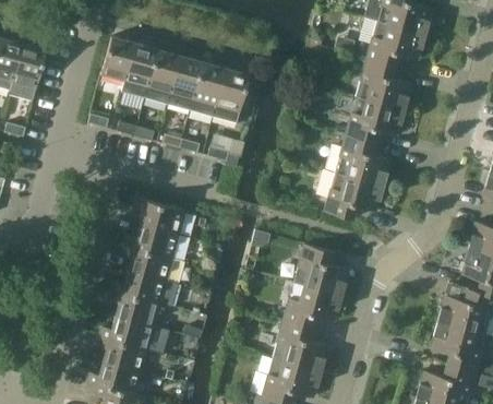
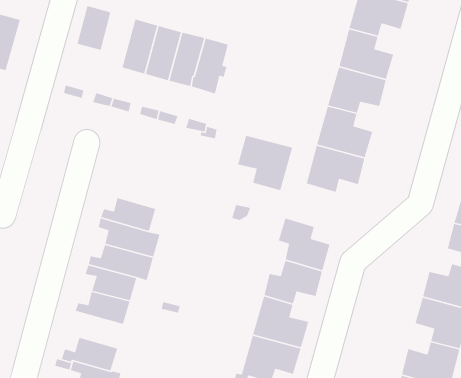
building: [122,43,158,97] -> none
building: none -> [237,135,293,191]
building: [134,198,185,235] -> none
building: [97,335,147,371] -> none

